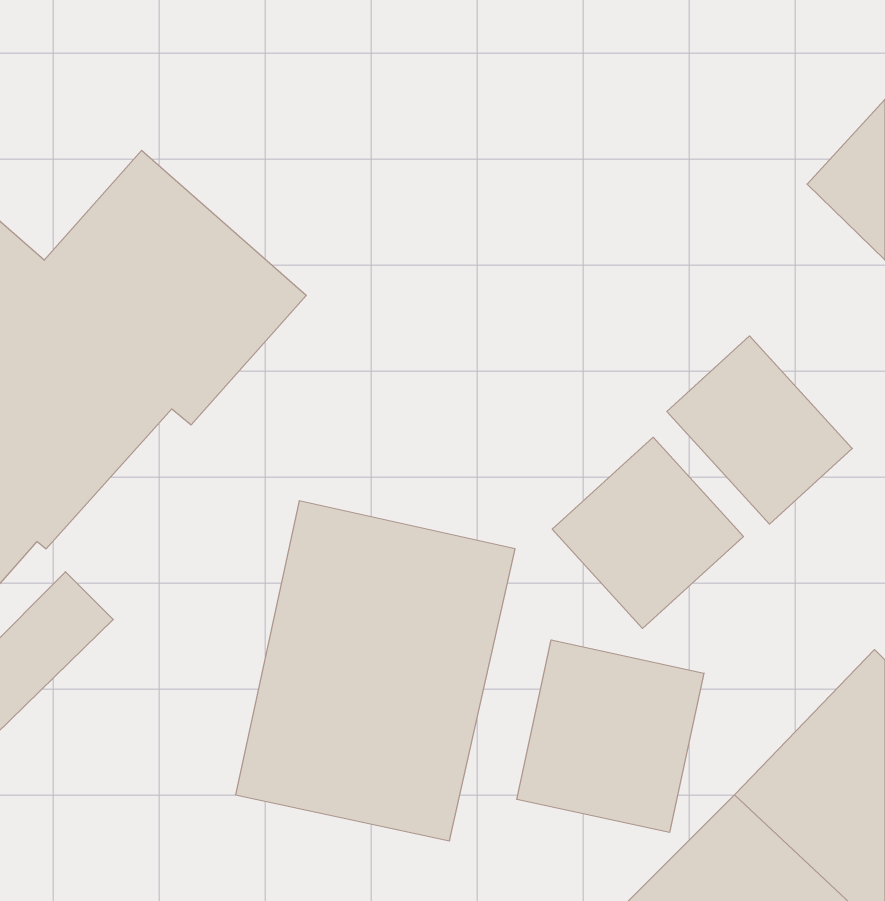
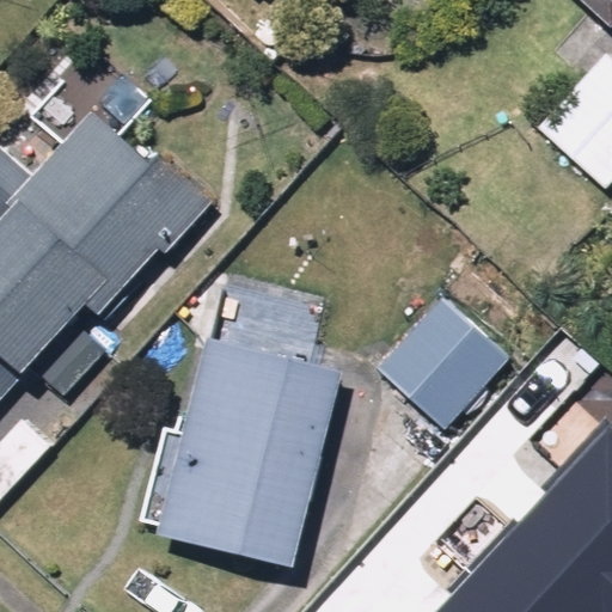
building: [667,336,852,524] -> none
building: [517,640,704,832] -> none

